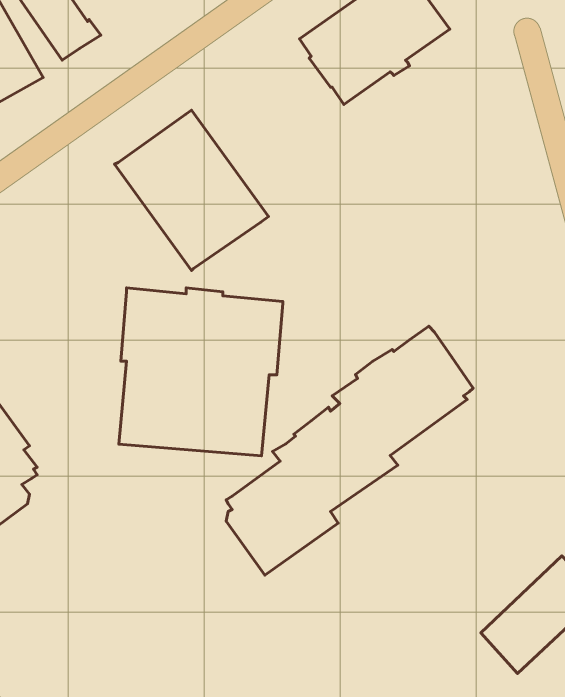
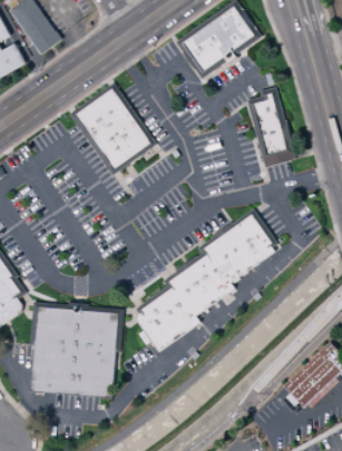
building: none -> [247,87,297,168]
building: [119,288,283,456] -> [28,302,123,399]

